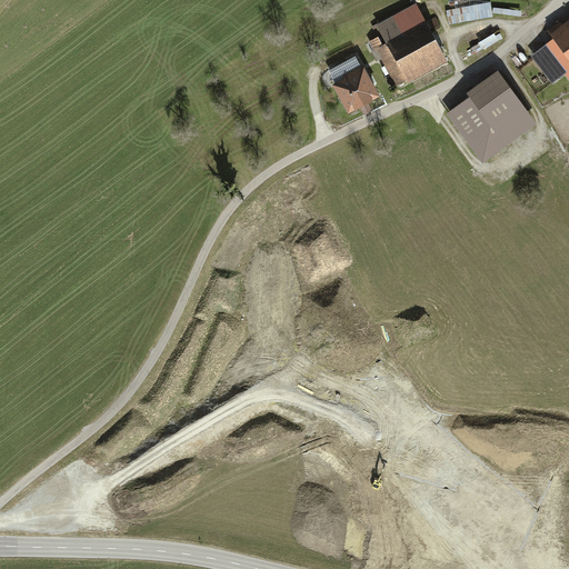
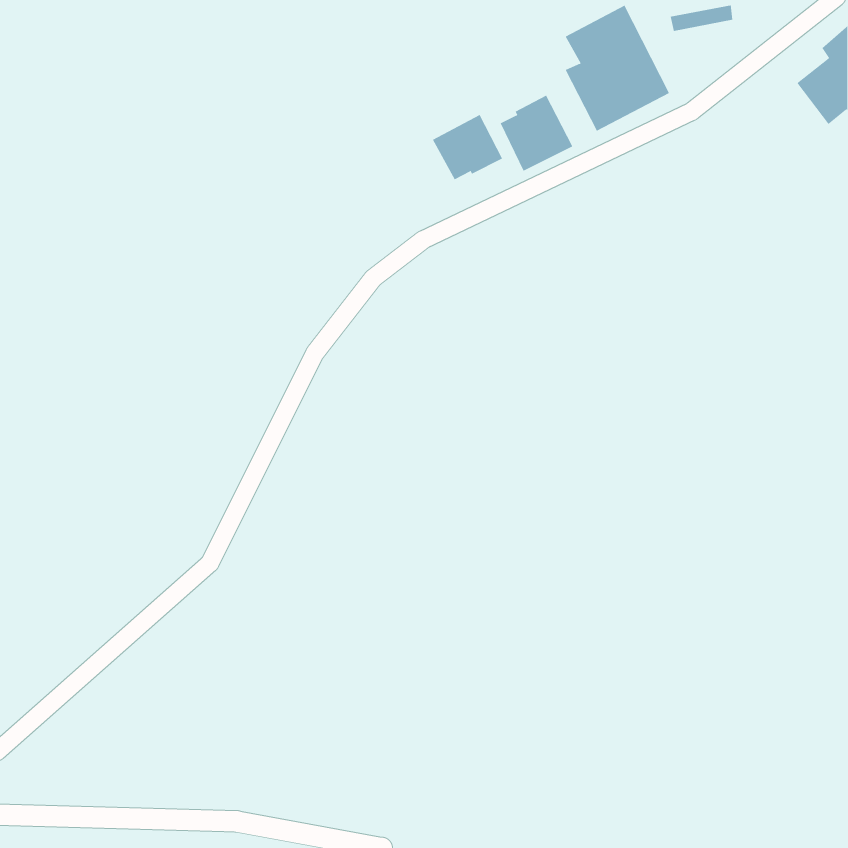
building: [449,76,531,156] -> none
building: none -> [432,114,503,180]

